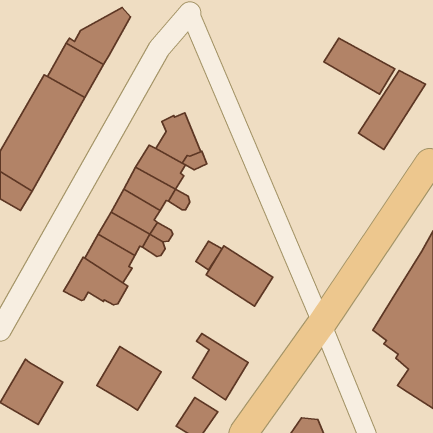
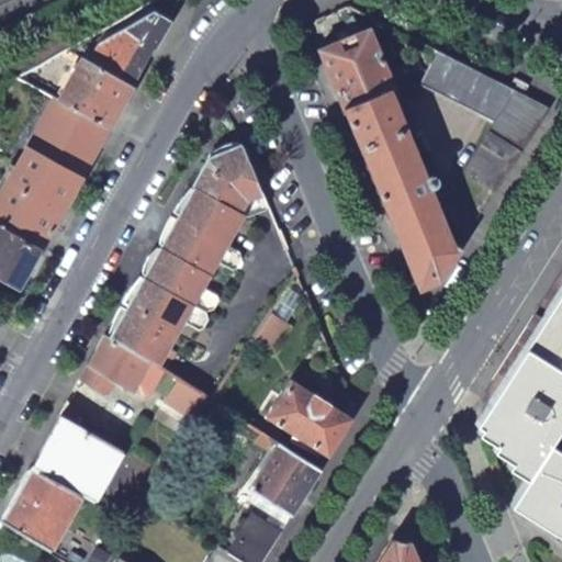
building: none -> [321,29,467,291]
building: [206,246,273,306] -> [267,380,353,458]
building: [97,346,161,410] -> [38,419,122,502]

